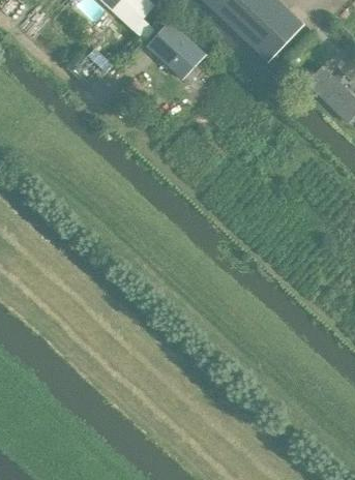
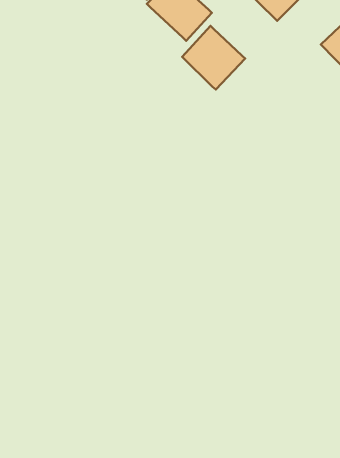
building: none -> [182,26,245,89]

